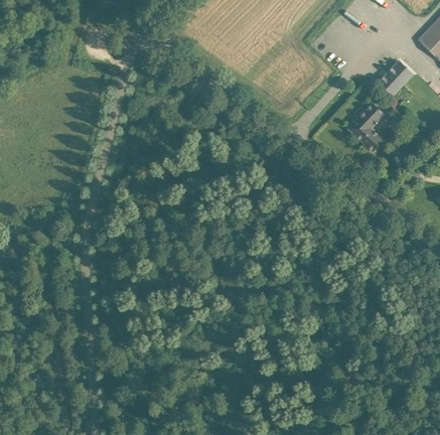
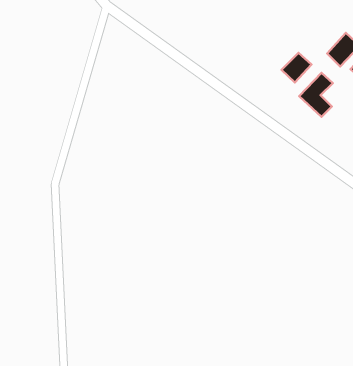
building: none -> [282,53,312,82]

